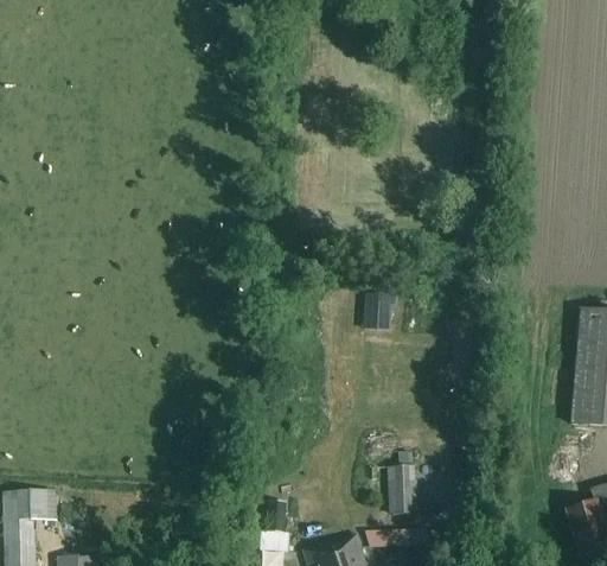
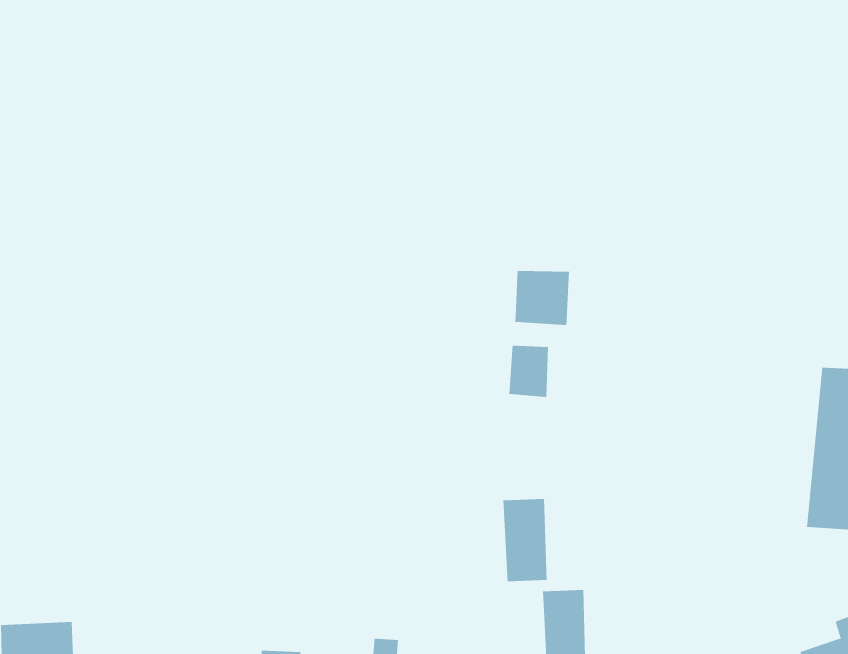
building: none -> [515,270,569,326]
building: none -> [503,498,547,582]

